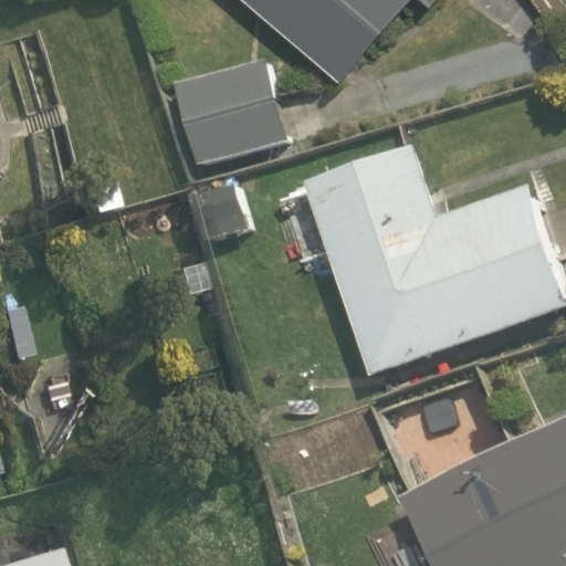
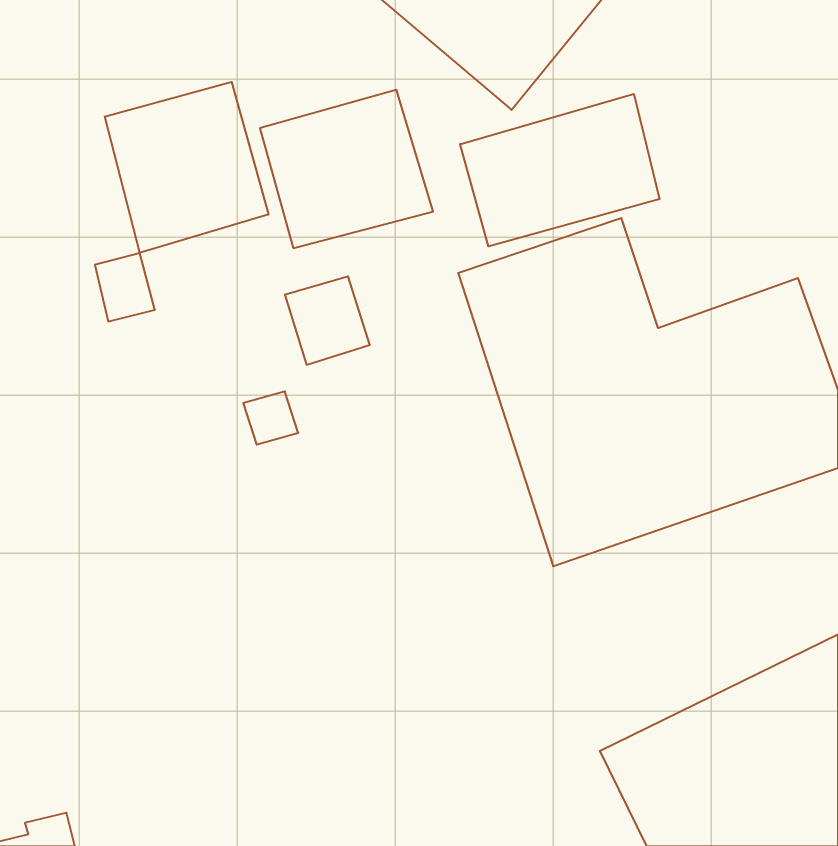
building: none -> [105,82,268,253]
building: none -> [460,94,659,246]

